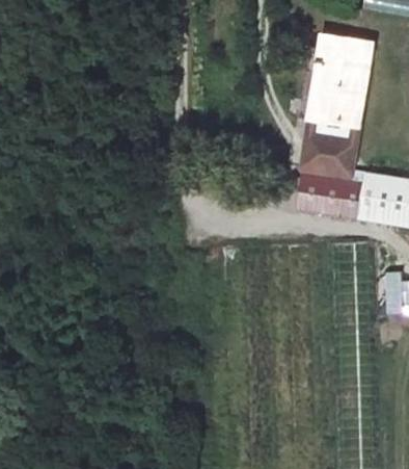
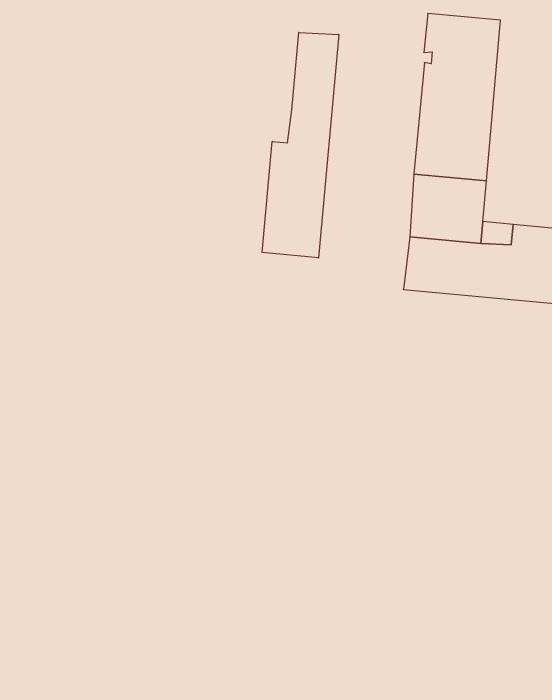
building: none -> [262,32,339,258]

